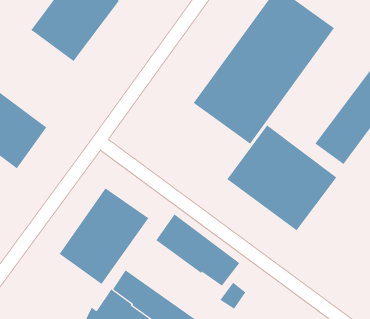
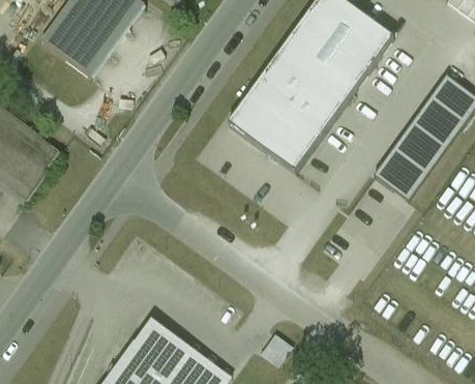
building: [226,124,337,231] -> none
building: [59,187,149,285] -> none
building: [156,214,240,286] -> none

